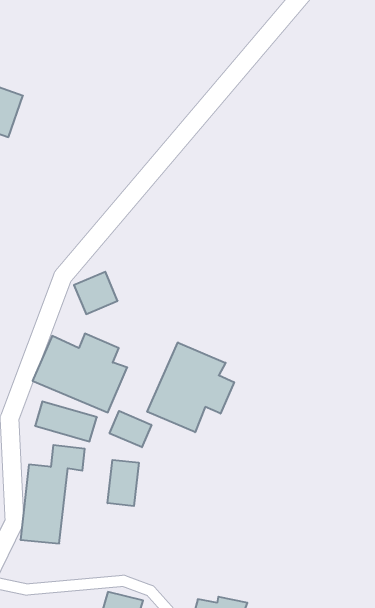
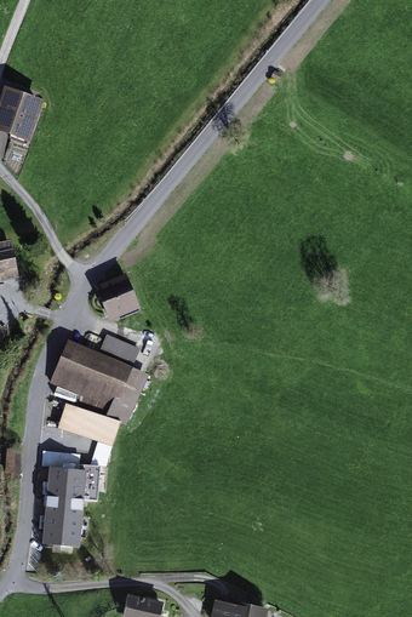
building: [147,342,234,432] -> none
building: [110,411,151,447] -> none
building: [108,460,139,506] -> none

